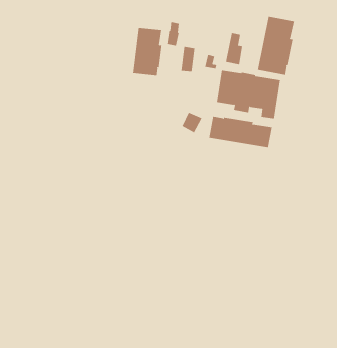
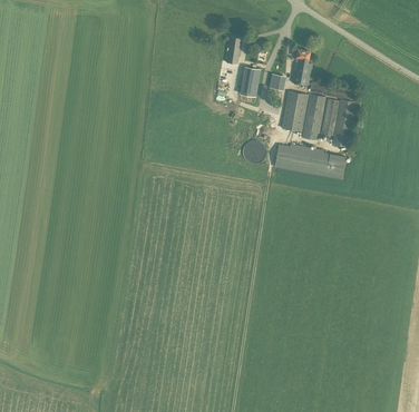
building: [257,16,295,76] -> none
building: [132,27,162,76] -> none

